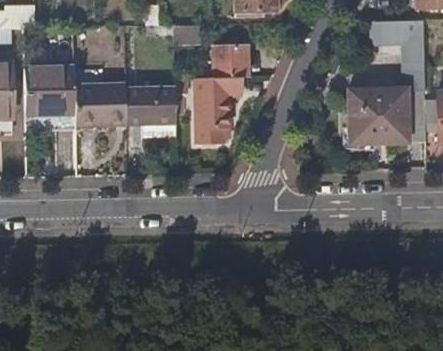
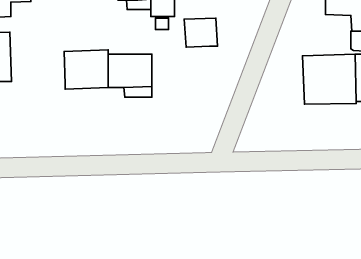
building: [23,66,76,122] -> none
building: [195,78,242,144] -> none

